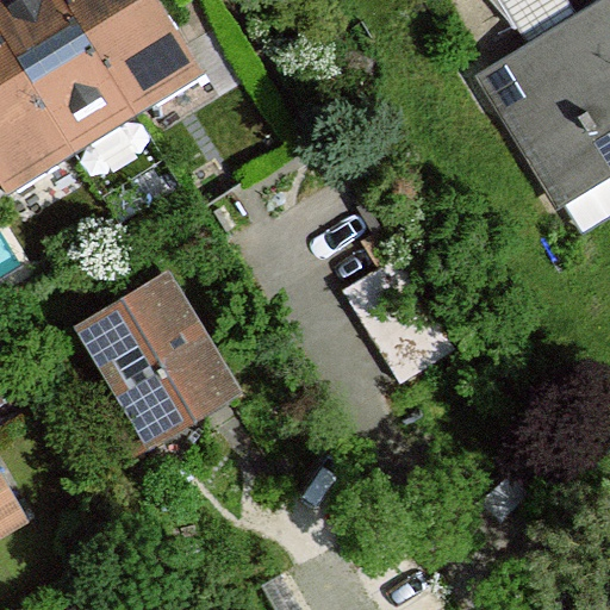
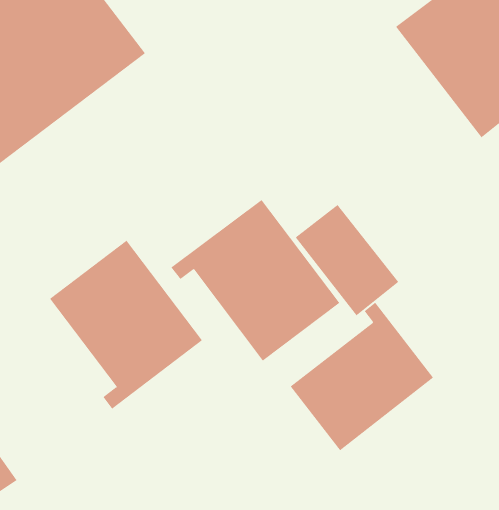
building: none -> [171,199,340,361]
building: none -> [290,302,434,451]

